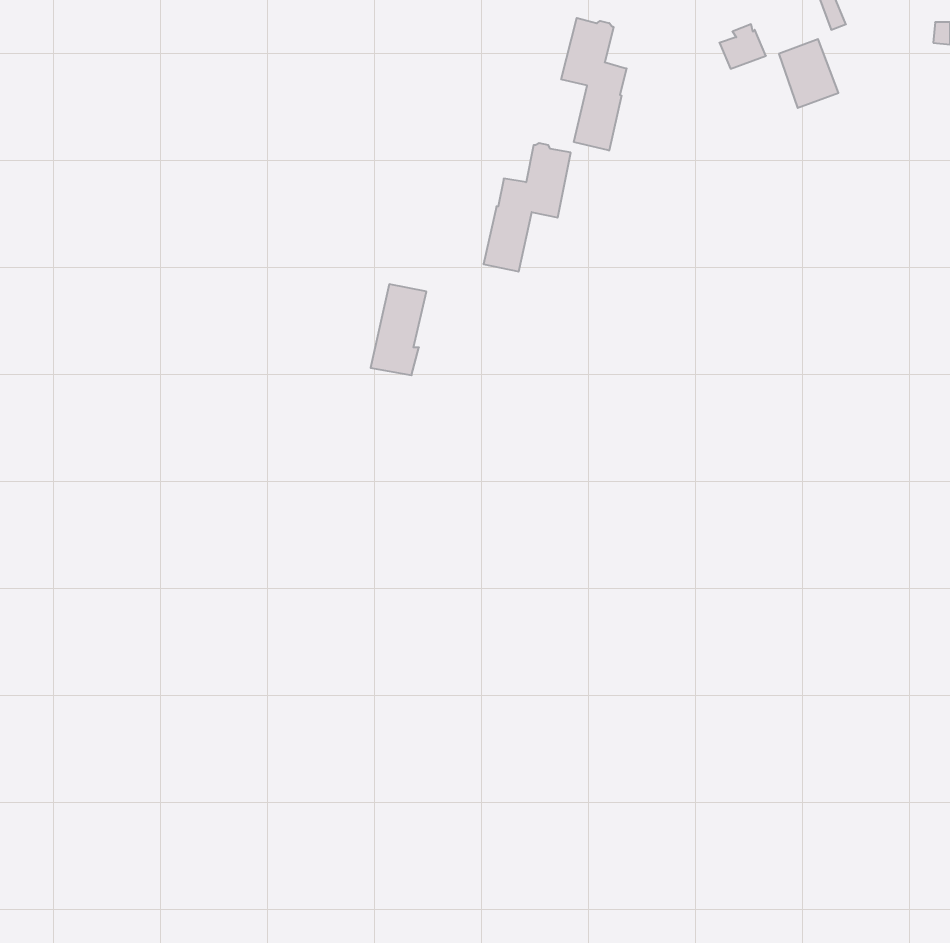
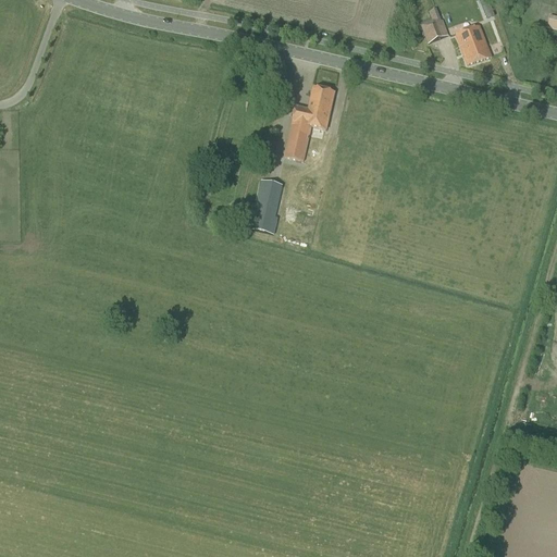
building: [561,18,627,151] -> none
building: [371,284,426,375] -> [250,180,283,233]

